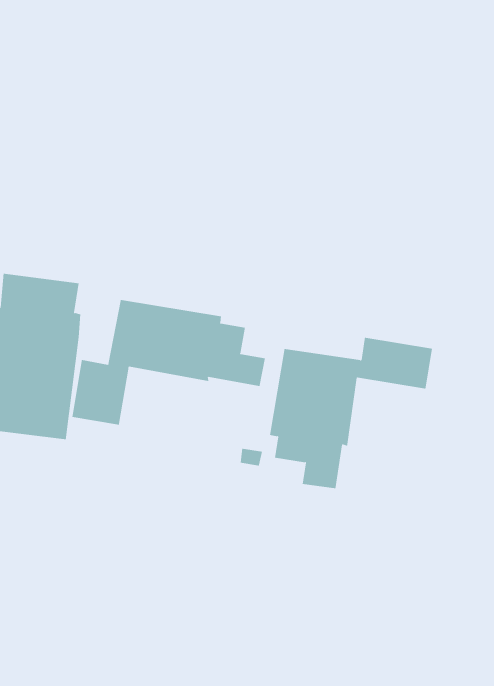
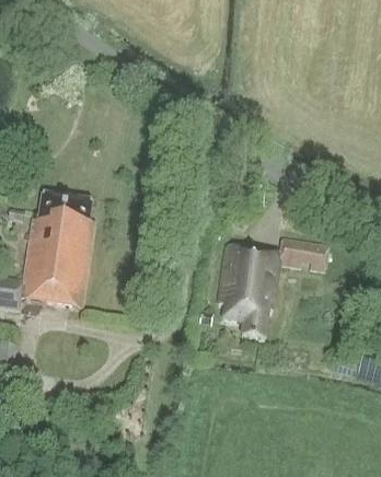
building: [72,299,266,426] -> none

